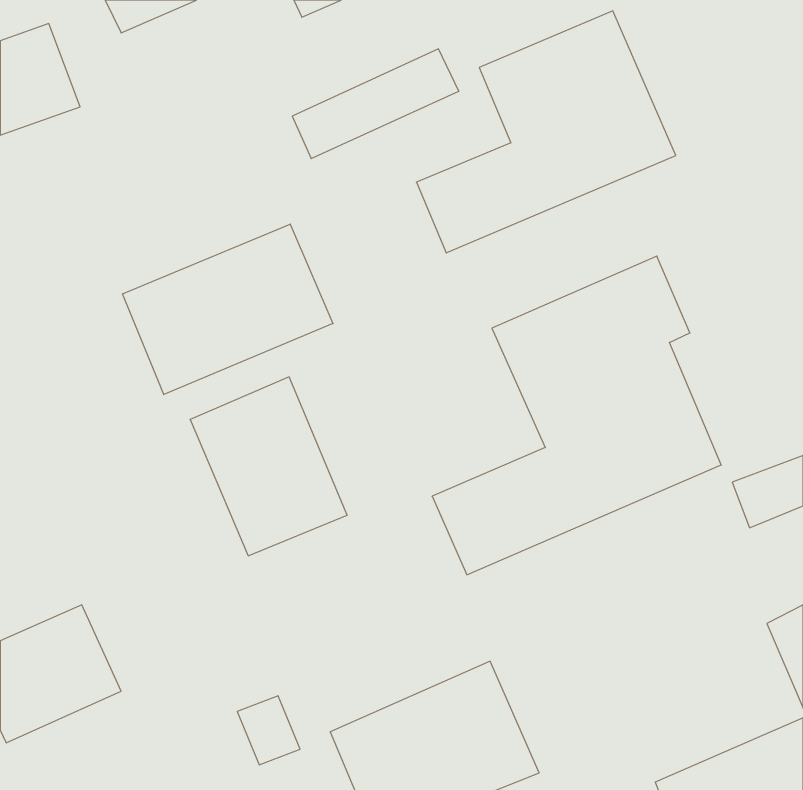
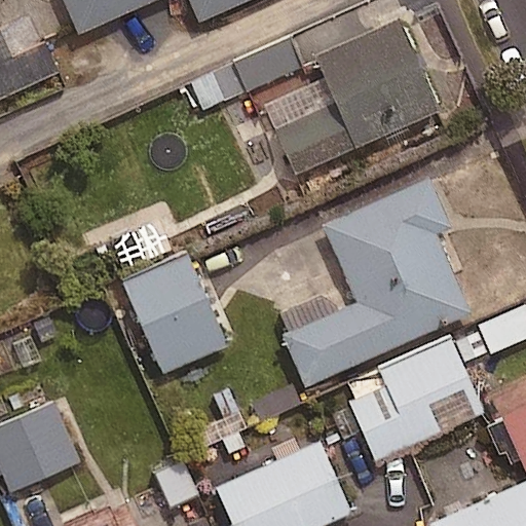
building: [122,224,333,395] -> none
building: none -> [346,337,484,462]

